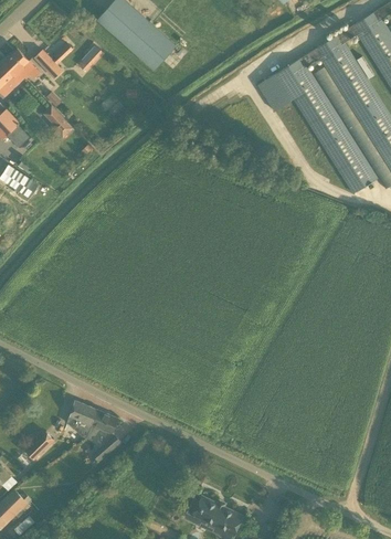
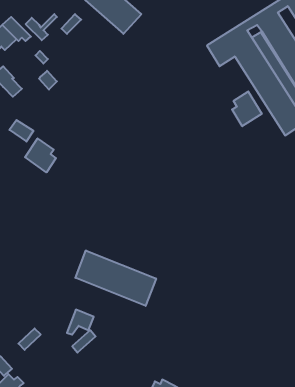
building: none -> [232,91,262,126]
building: none -> [25,138,56,172]
building: none -> [75,250,156,306]
building: [65,401,96,438] -> none

